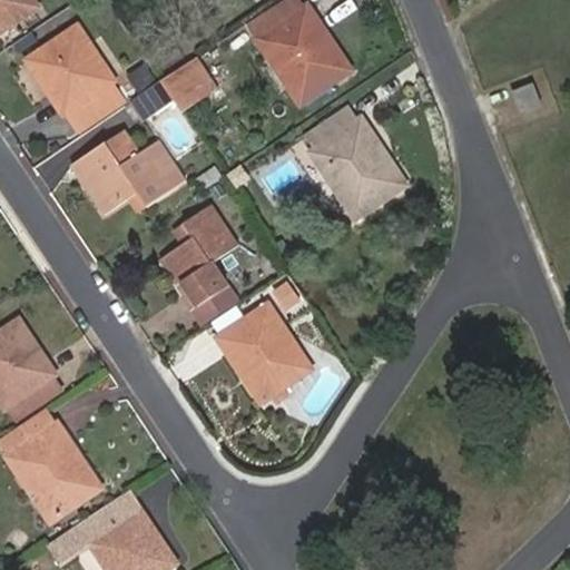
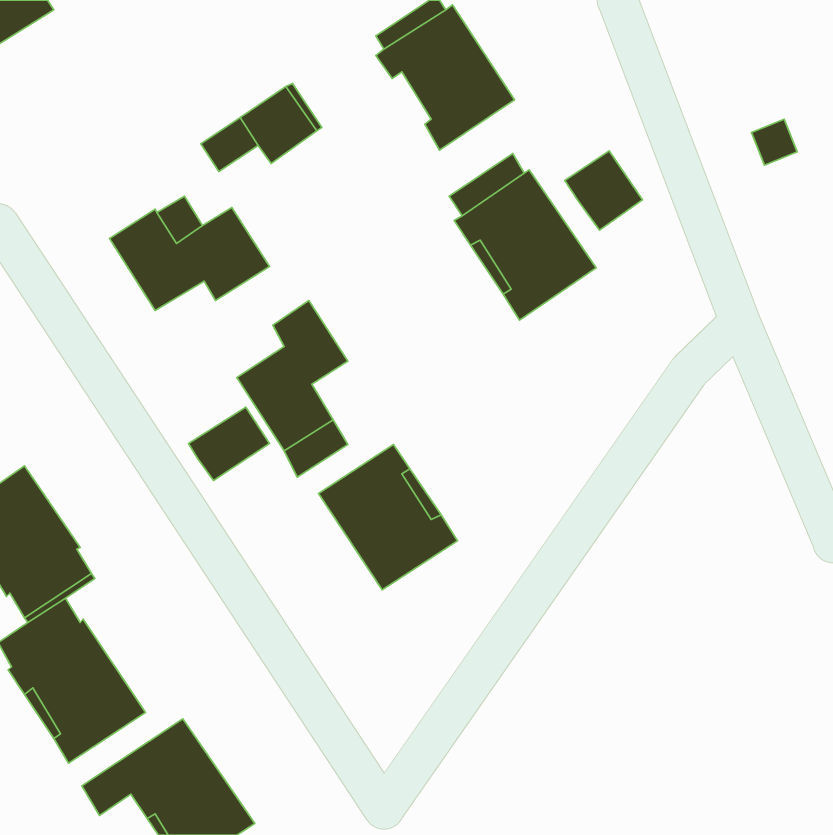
building: [29,26,125,127] -> none
building: none -> [565,151,643,230]
building: none -> [189,407,269,480]

